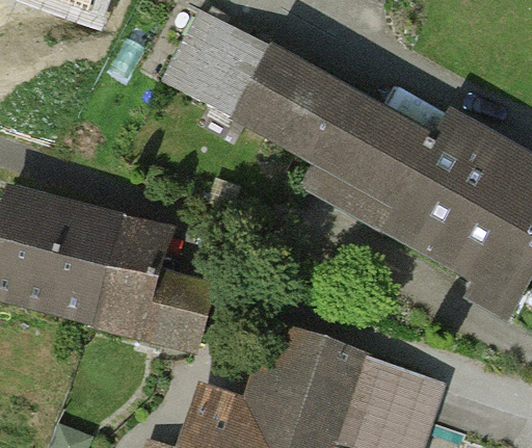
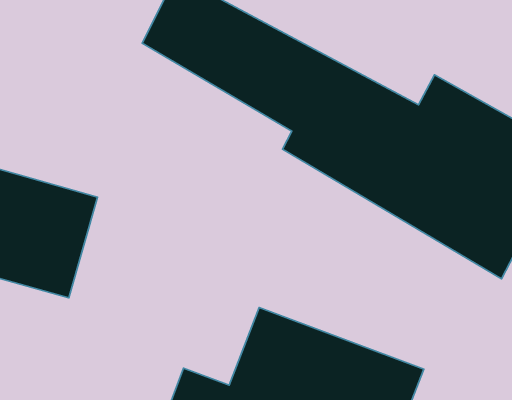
building: [94,222,222,358] -> none

